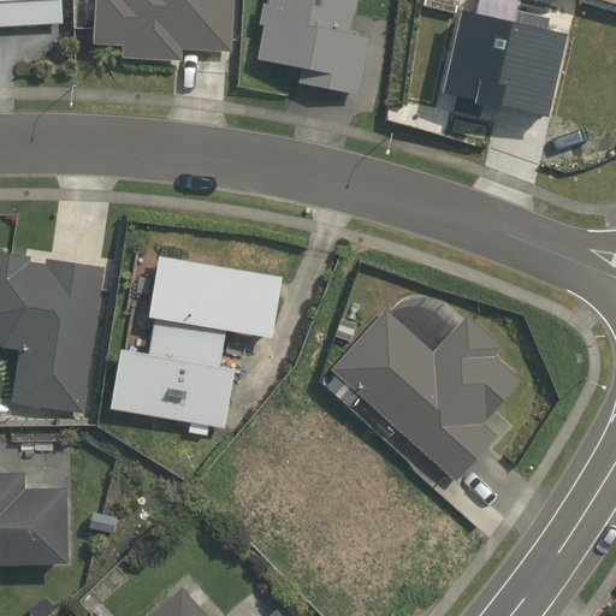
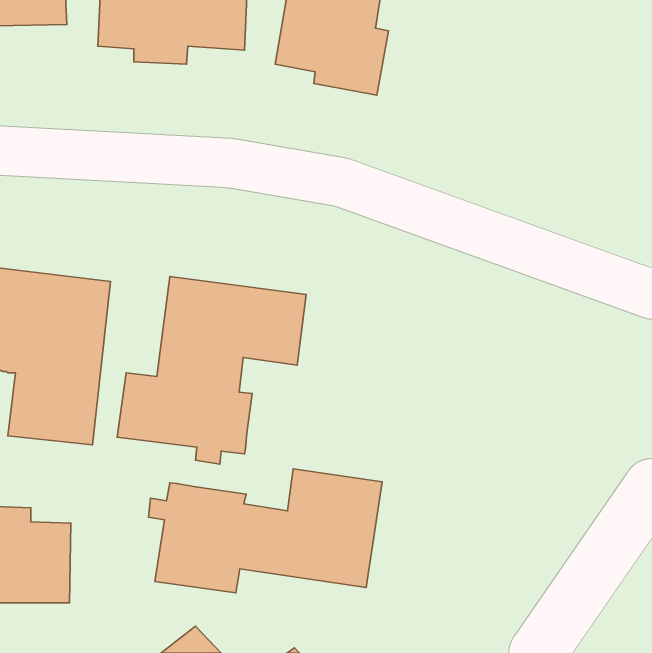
building: [433,8,557,117] -> none
building: [331,307,522,480] -> none
building: none -> [148,469,382,593]

